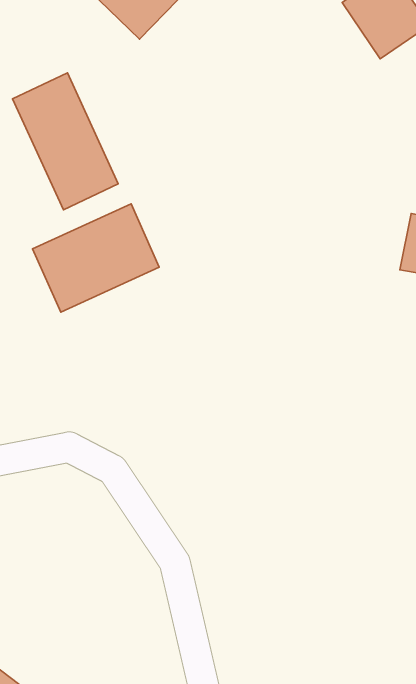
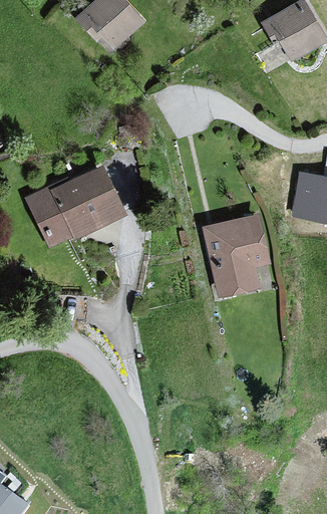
building: [13,73,118,210] -> none
building: none -> [210,216,273,295]

